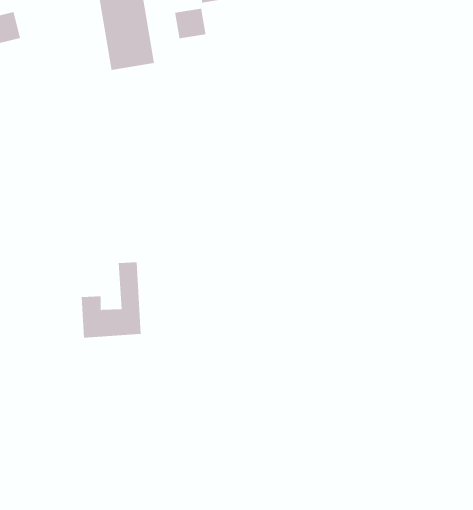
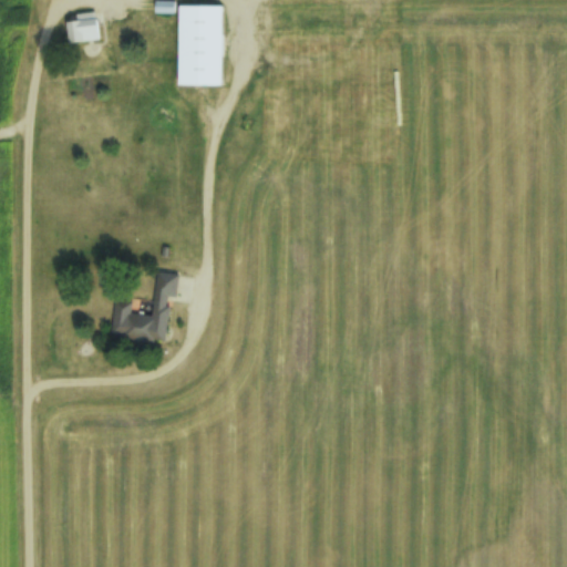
building: [175,8,206,39] -> none

